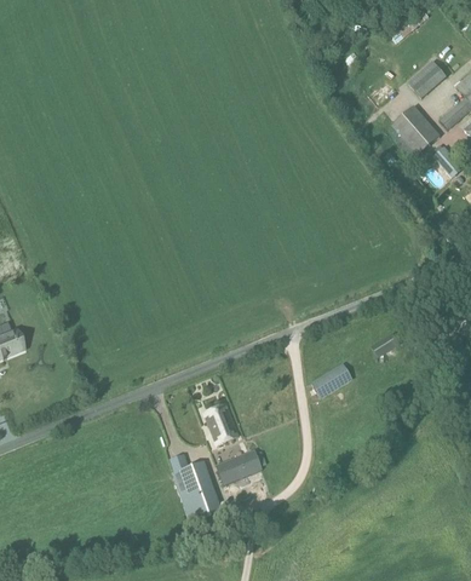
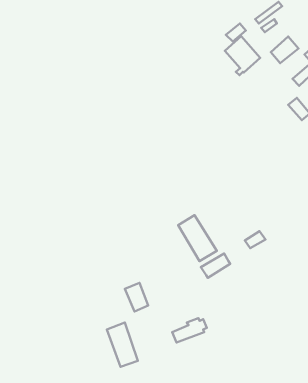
building: [391,104,441,159] -> [225,36,260,75]
building: none -> [178,215,217,261]
building: [217,450,265,484] -> [172,318,207,342]

